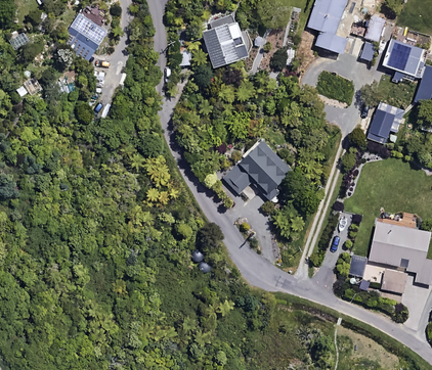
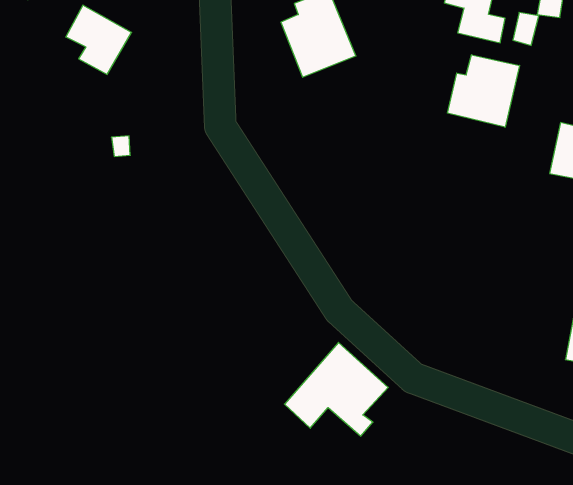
building: none -> [448,55,520,127]
building: [224,139,291,199] -> [284,342,388,436]

